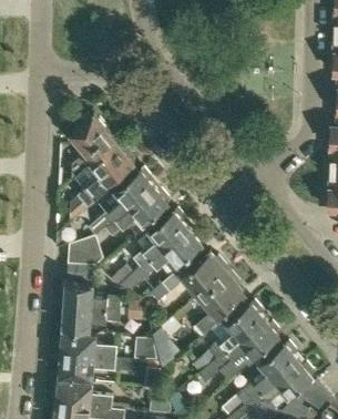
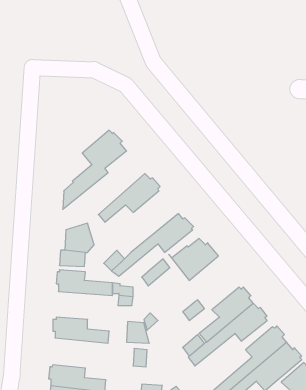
building: [72,113,117,180] -> none
building: [90,168,154,235] -> none
building: [133,209,188,266] -> none
building: [199,269,244,317] -> none
building: [61,306,121,330] -> none
building: [58,354,116,379] -> none

